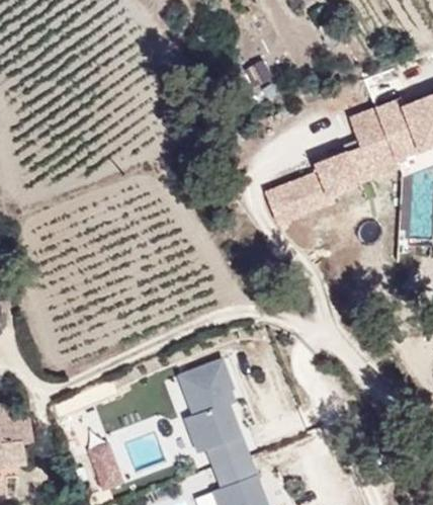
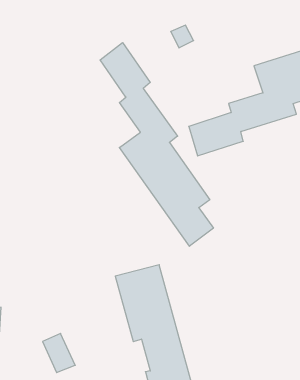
building: none -> [100,43,213,246]

